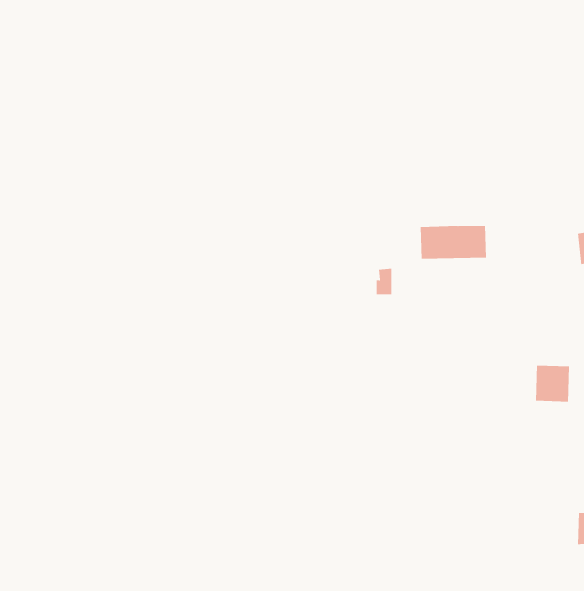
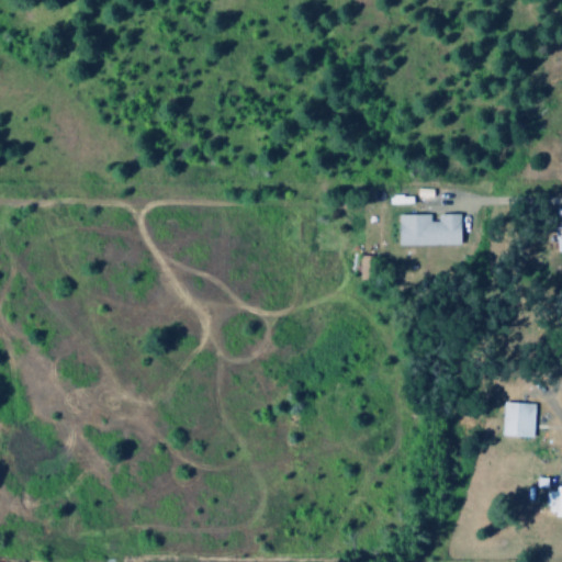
building: [535,365,570,402] -> [503,402,536,437]

